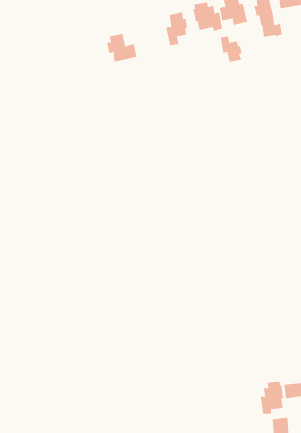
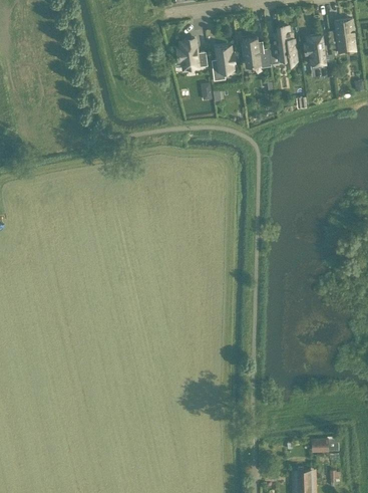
building: [106,34,137,62] -> [175,39,207,68]
building: [220,35,242,63] -> none
building: [260,381,284,414] -> none

